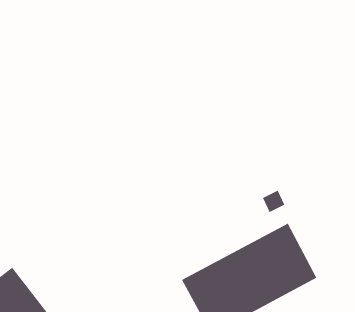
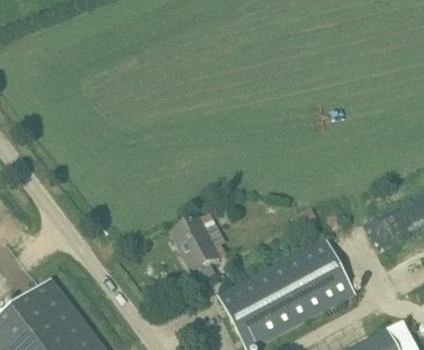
building: none -> [172,217,221,271]

